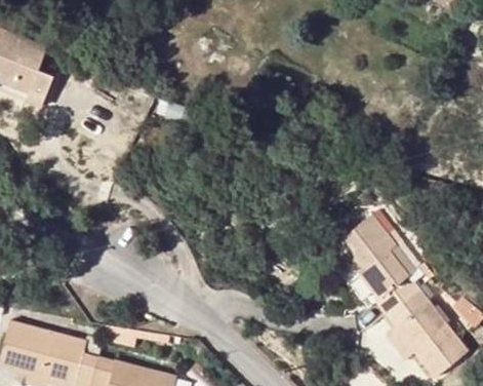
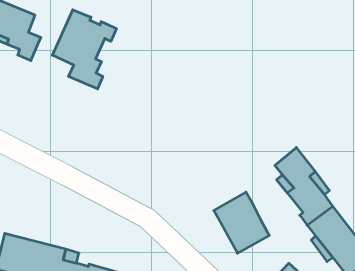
building: none -> [52,10,116,89]
building: none -> [214,192,269,253]

